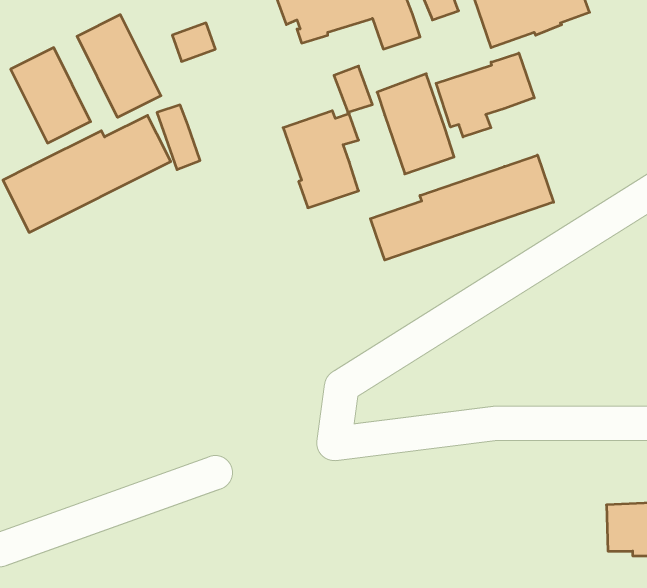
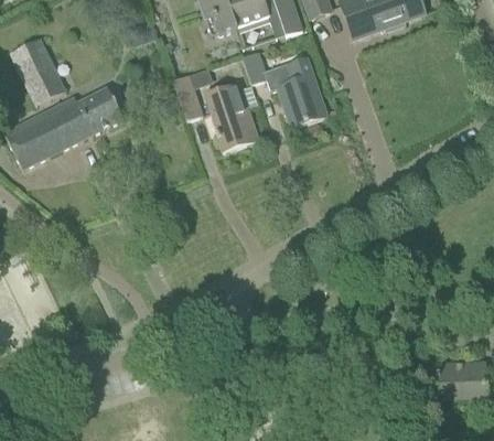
building: [77,15,161,117] -> none
building: [436,53,534,137] -> none
building: [157,105,200,170] -> [172,74,203,120]
building: [370,155,554,260] -> none

